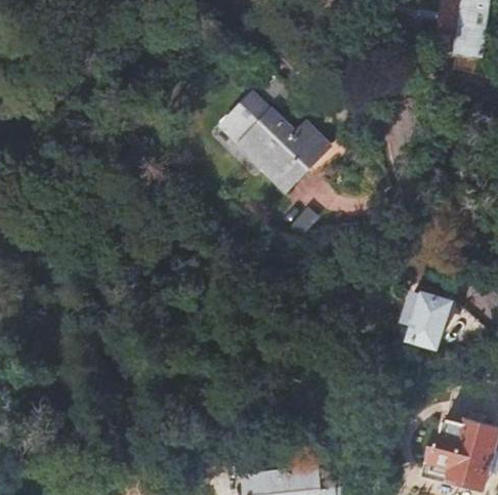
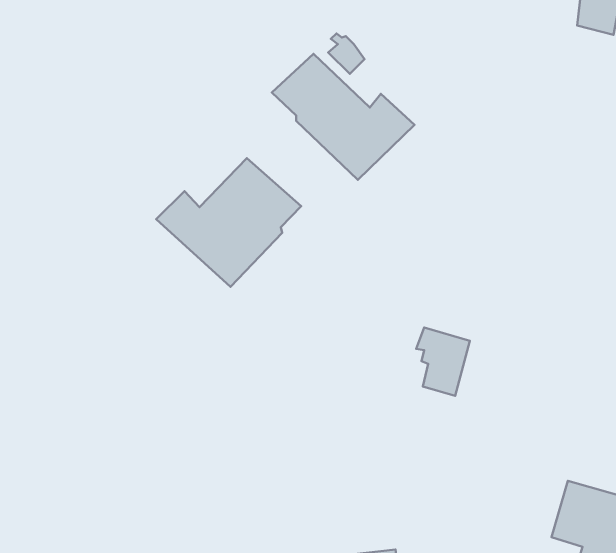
building: none -> [156,158,301,287]
building: [404,294,445,346] -> [416,327,470,396]

